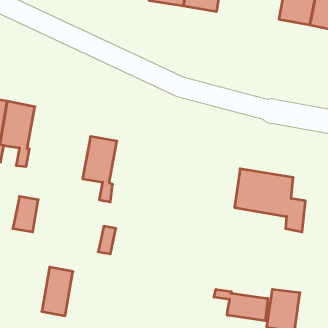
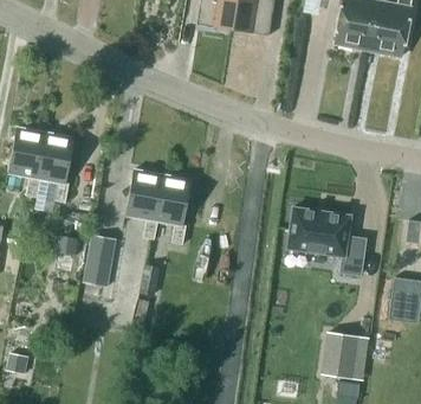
building: none -> [154,174,192,244]
building: [42,267,73,316] -> [83,233,116,286]
building: [214,289,268,321] -> none

